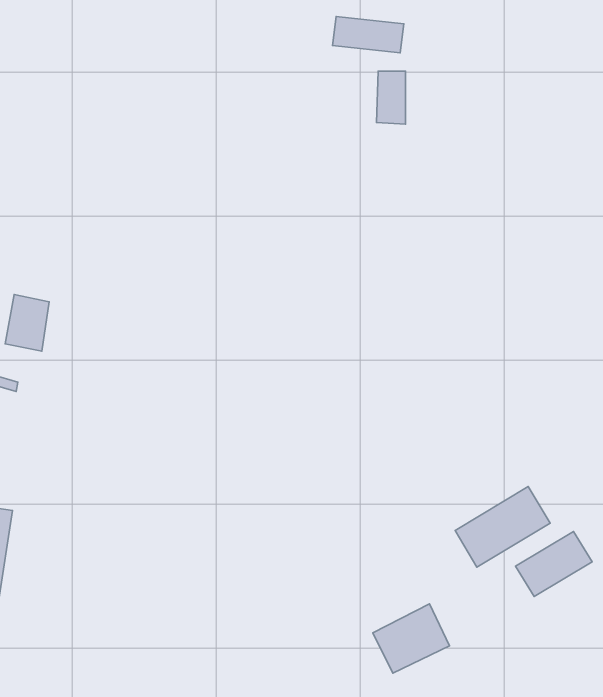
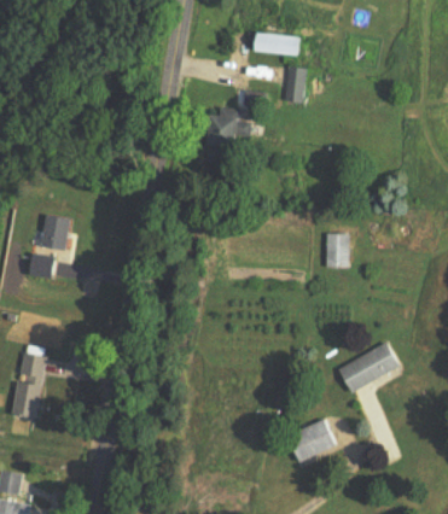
building: none -> [215,107,252,146]
building: none -> [327,233,349,261]
building: [516,532,592,596] -> none

